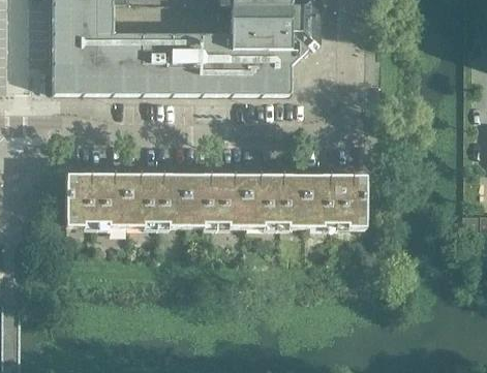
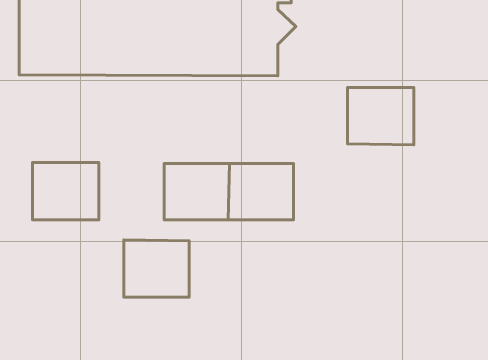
building: [126,173,186,225] -> [124,240,189,297]
building: [305,174,366,226] -> [348,88,414,145]

